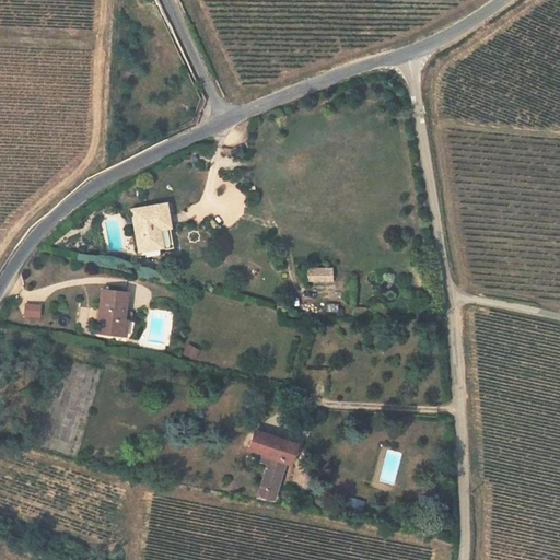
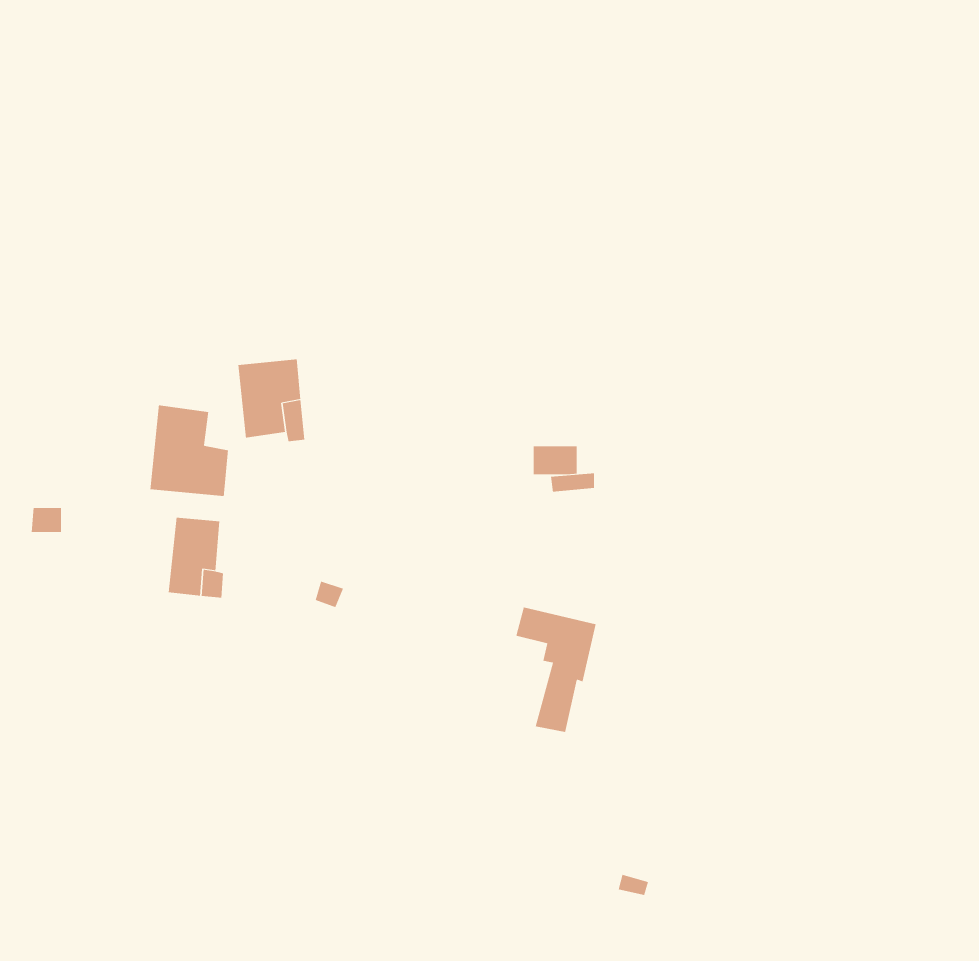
building: none -> [150,404,229,497]
building: [249,431,295,502] -> [516,607,597,732]

